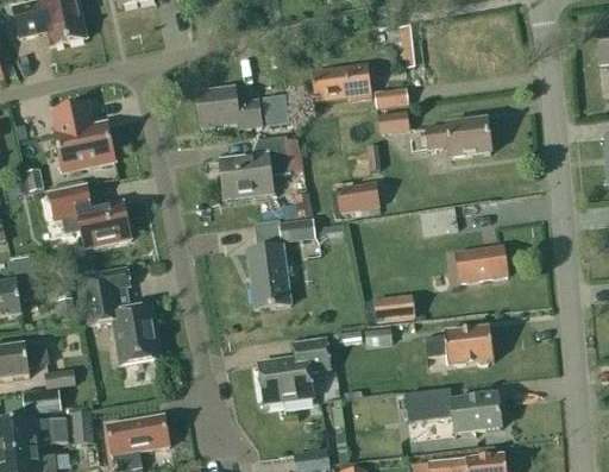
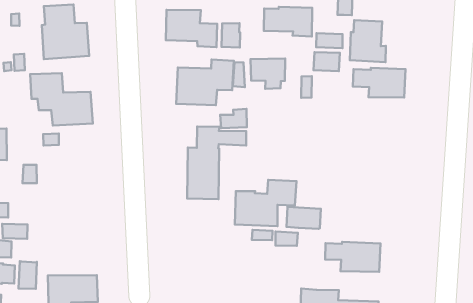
building: none -> [350,20,386,62]
building: [335,181,379,220] -> [250,58,285,89]
building: [454,245,507,281] -> none
building: [77,266,161,364] -> none
building: [257,340,328,402] -> [235,180,296,226]

